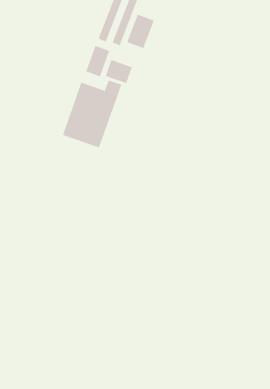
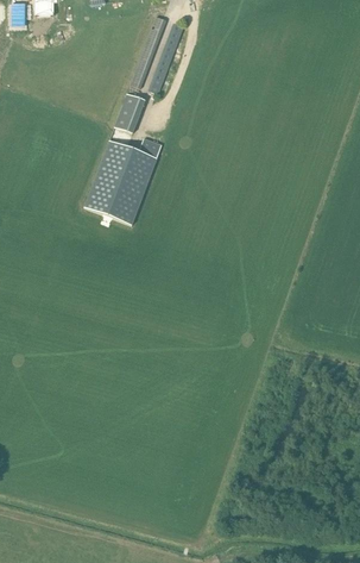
building: [126,14,155,49] -> none
building: [105,59,132,84] -> none

